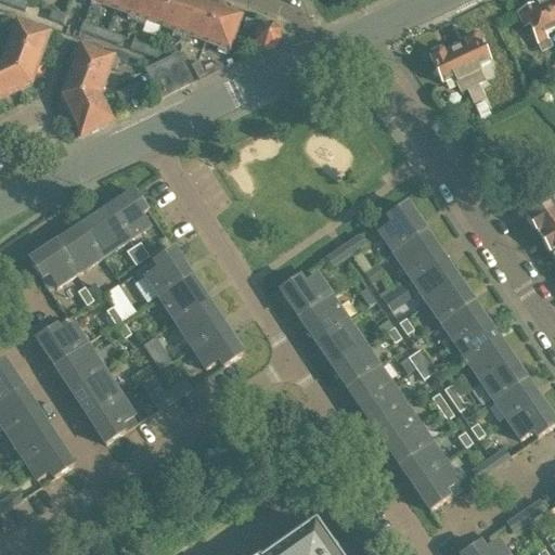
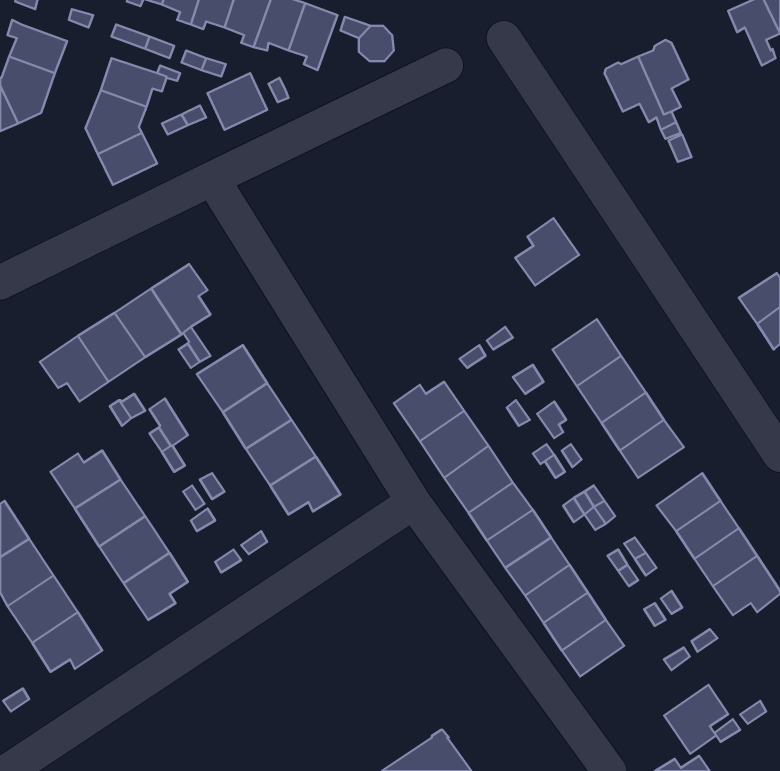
building: [378,201,424,248] -> [515,218,579,285]
building: [453,318,499,359] -> none
building: [412,459,457,507] -> [664,685,728,754]

